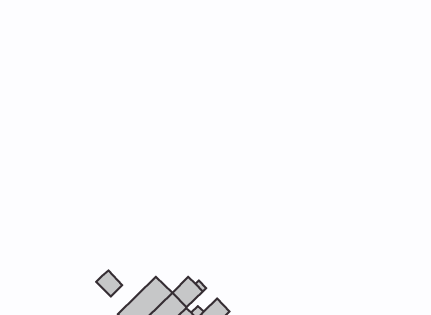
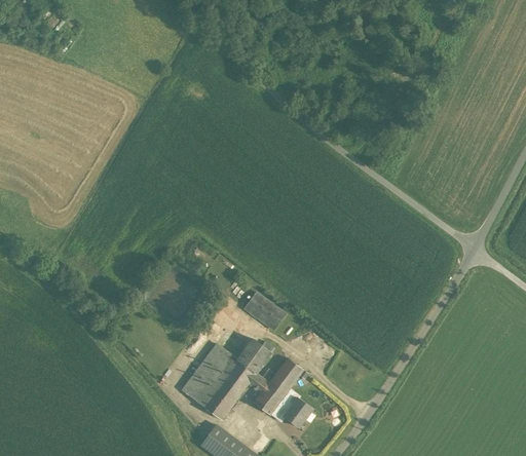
building: none -> [243,292,285,330]
building: [96,271,122,296] -> none

